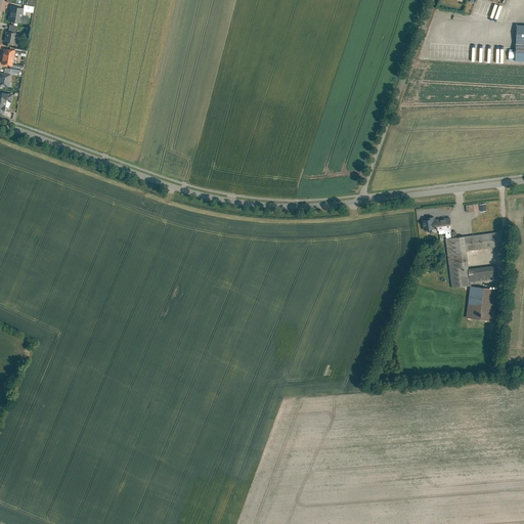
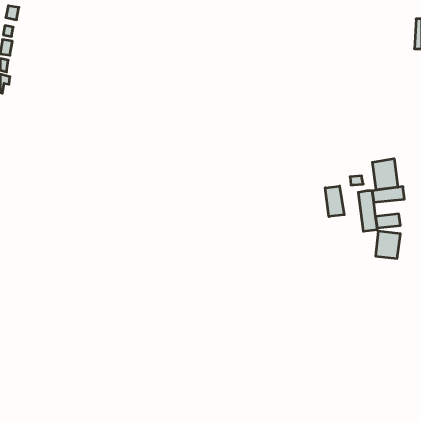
building: none -> [372,159,398,190]
building: none -> [325,186,344,217]

